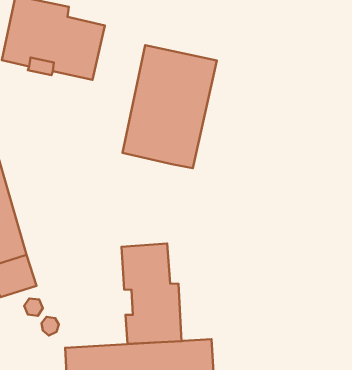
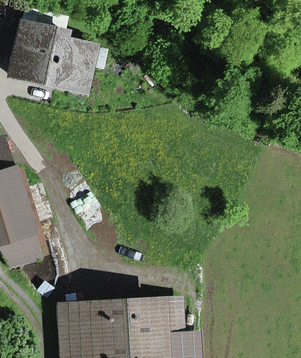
building: [122,45,217,168] -> none
building: [122,244,182,344] -> none

